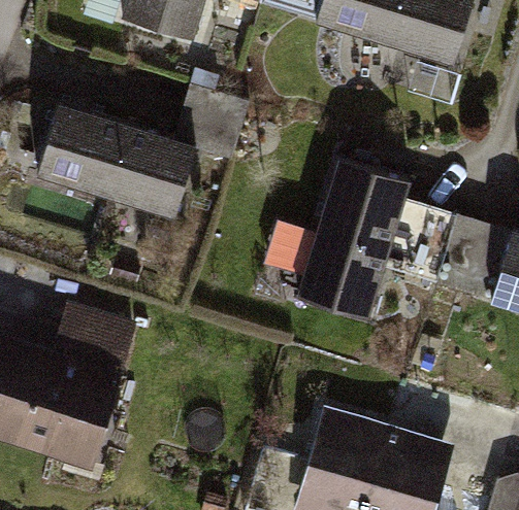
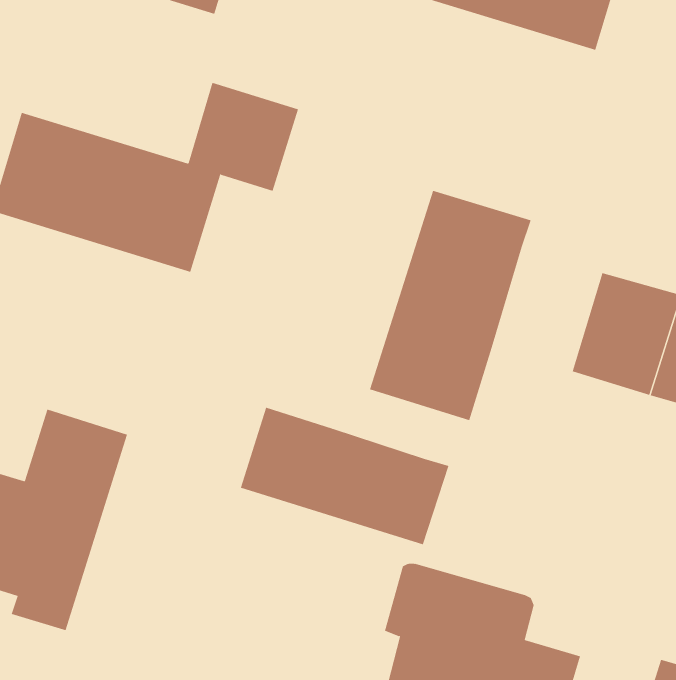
building: [383,197,458,282] -> none
building: none -> [240,407,449,545]

